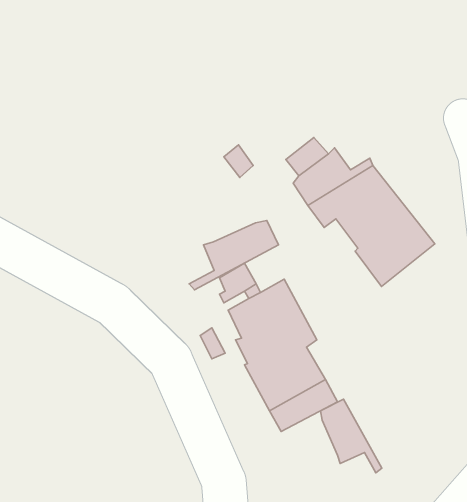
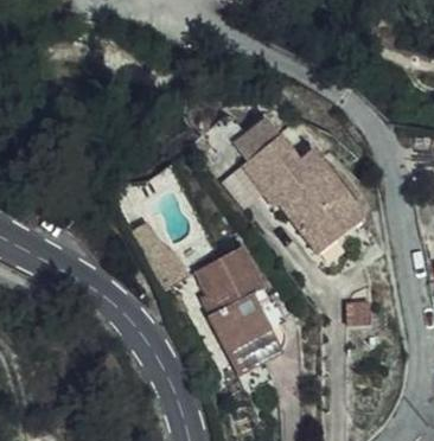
building: [189,221,278,290] -> none
building: [320,399,382,473] -> none

